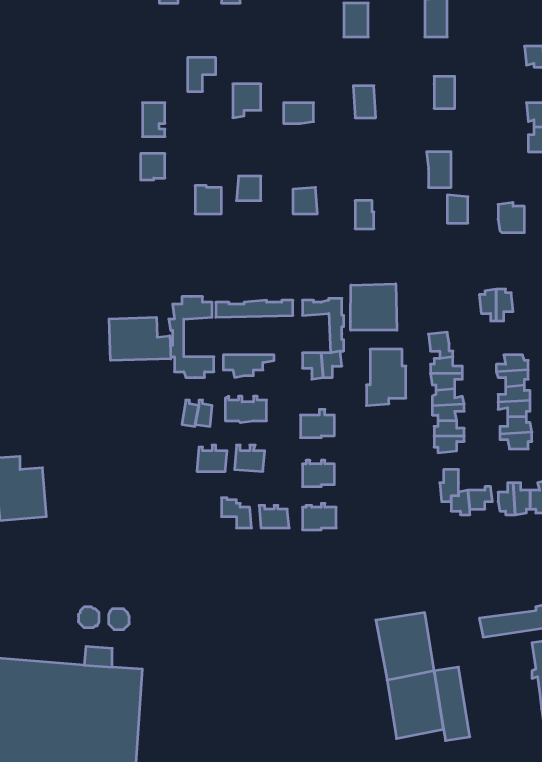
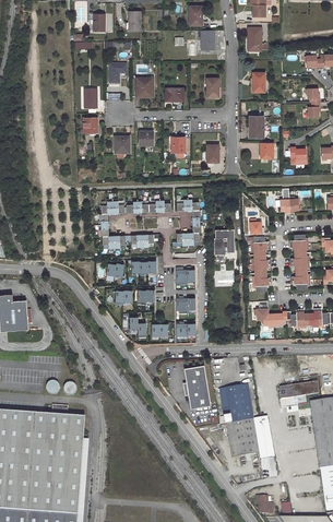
building: [351,284,397,330] -> none
building: [109,317,171,360] -> none
building: none -> [183,366,211,410]

